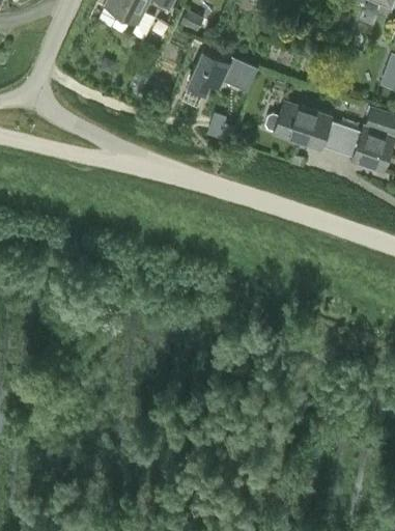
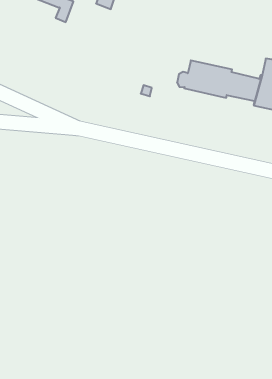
building: [188,45,257,93] -> none

